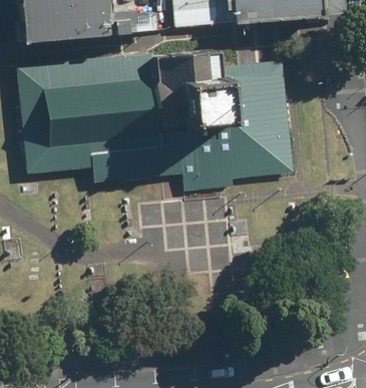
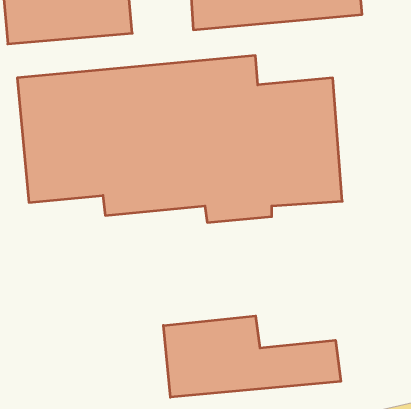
building: none -> [163,316,341,397]

